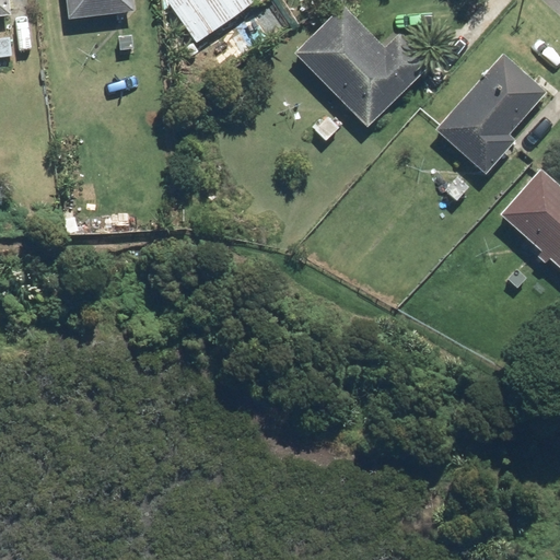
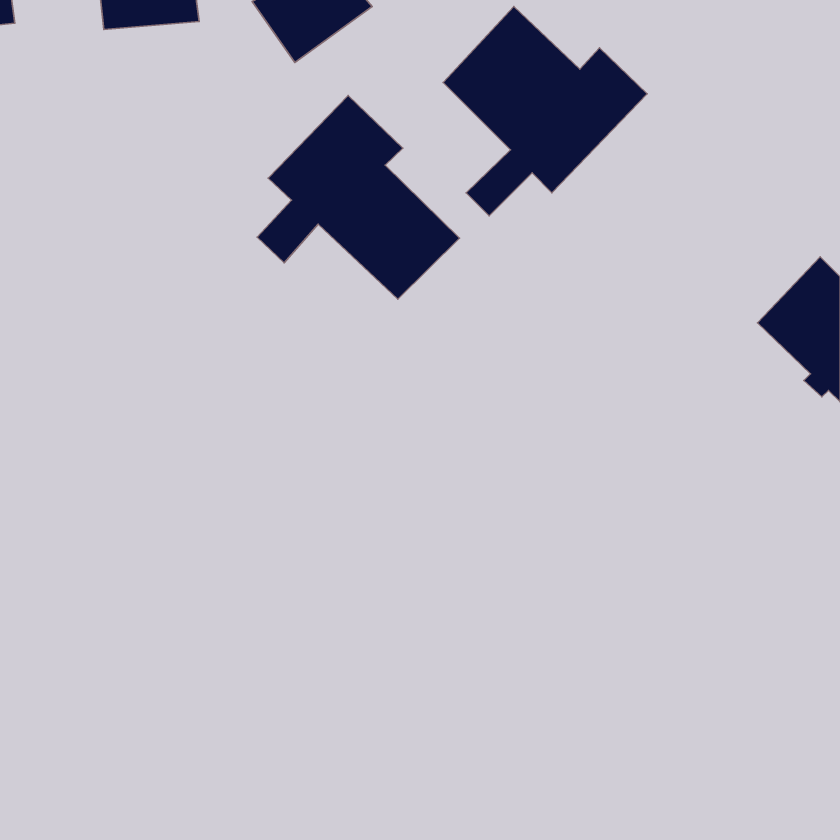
building: [435,51,548,202] -> none
building: none -> [257,95,460,299]

